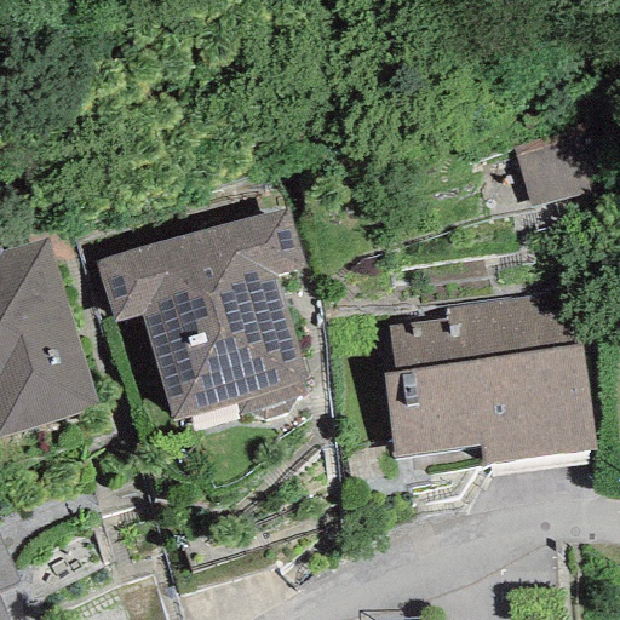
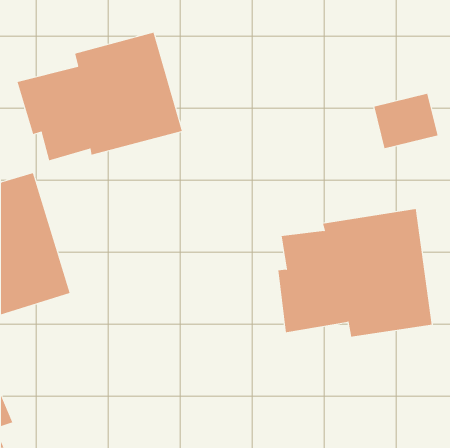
building: none -> [17,32,183,161]
building: [94,207,306,420] -> none

